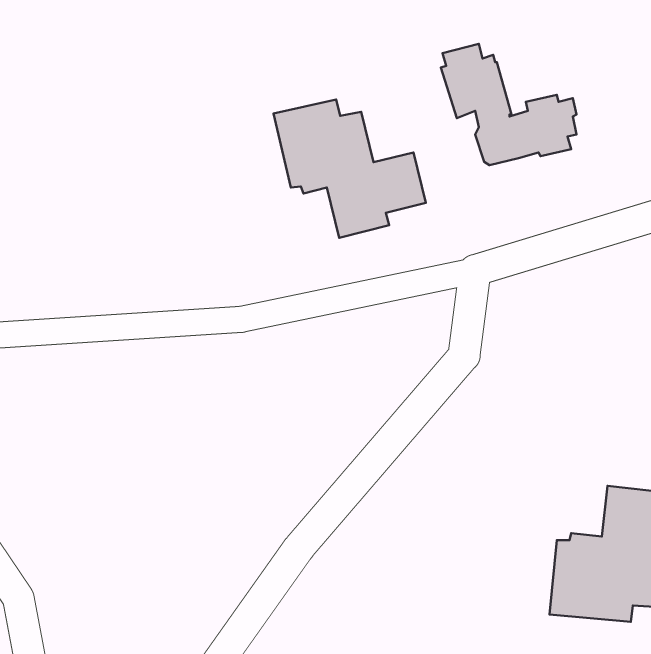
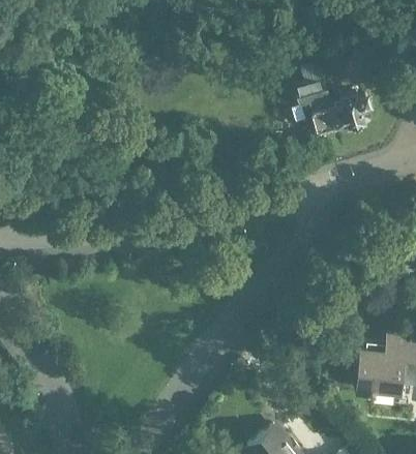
building: [274,100,426,238] -> none

